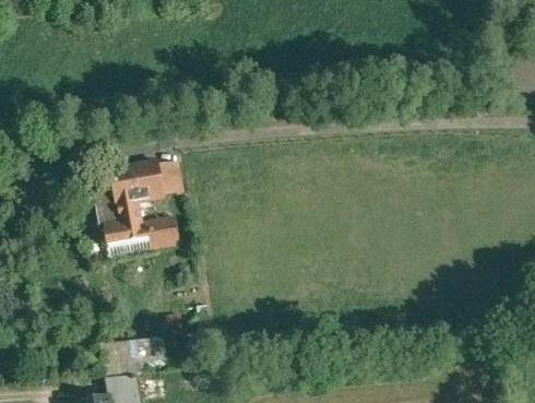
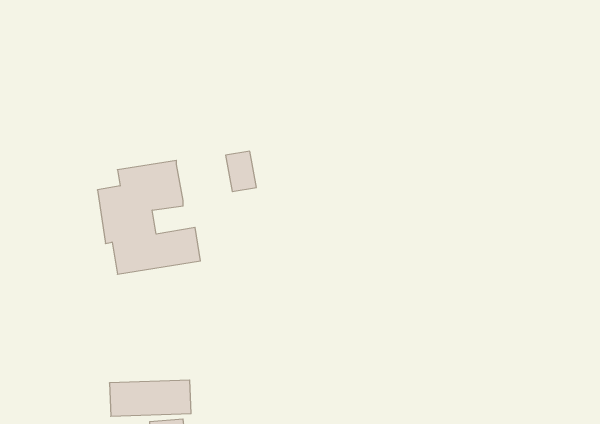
building: [157,161,182,193] -> [226,151,256,192]

